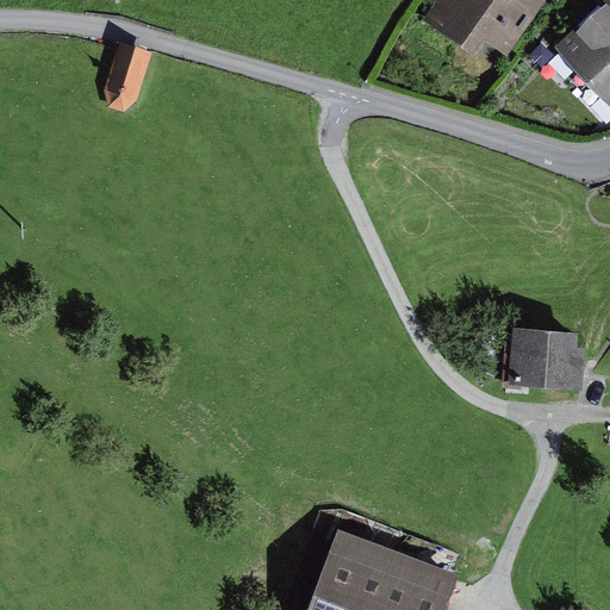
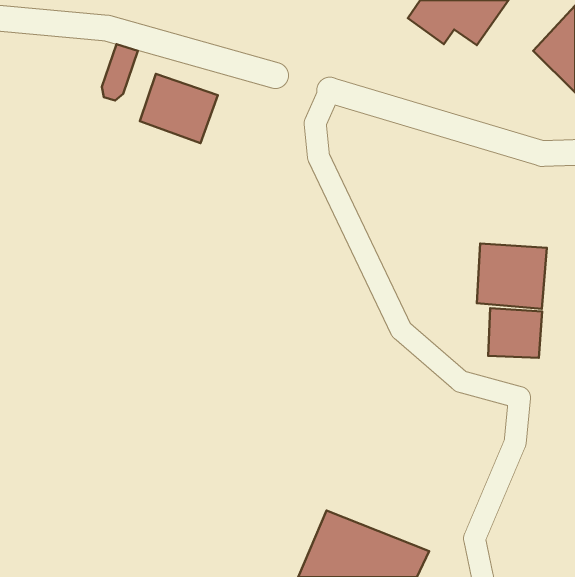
building: none -> [140,74,218,143]
building: none -> [477,244,547,309]

